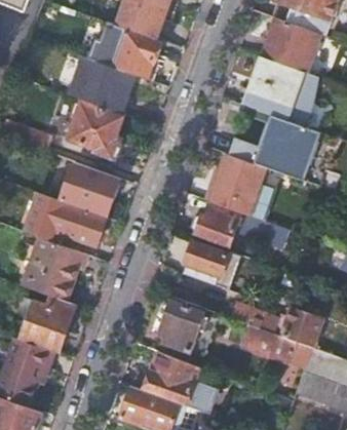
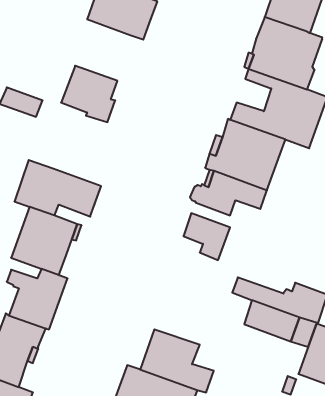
building: [68,56,134,113] -> none
building: [62,163,118,218] -> none
building: [159,298,203,353] -> none

